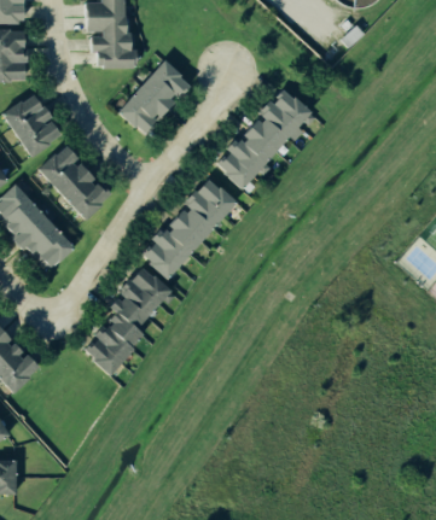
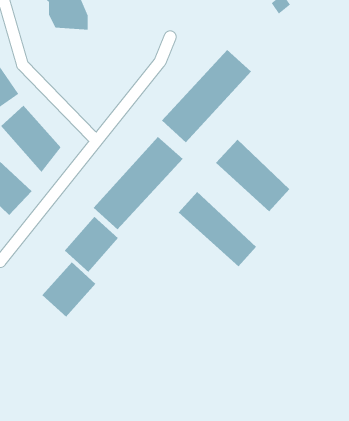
building: [120,60,191,136] -> none
building: none -> [215,139,290,212]
building: none -> [178,191,257,267]

